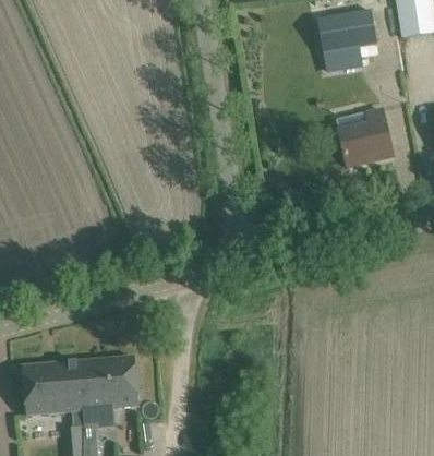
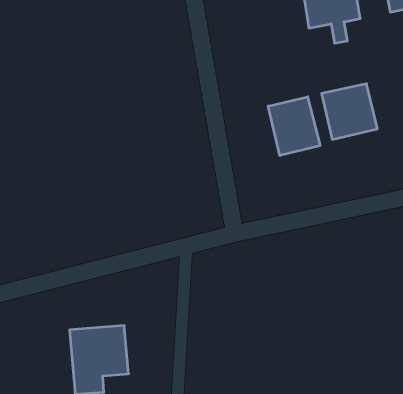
building: none -> [268,97,320,156]
building: [21,360,83,416] -> none

